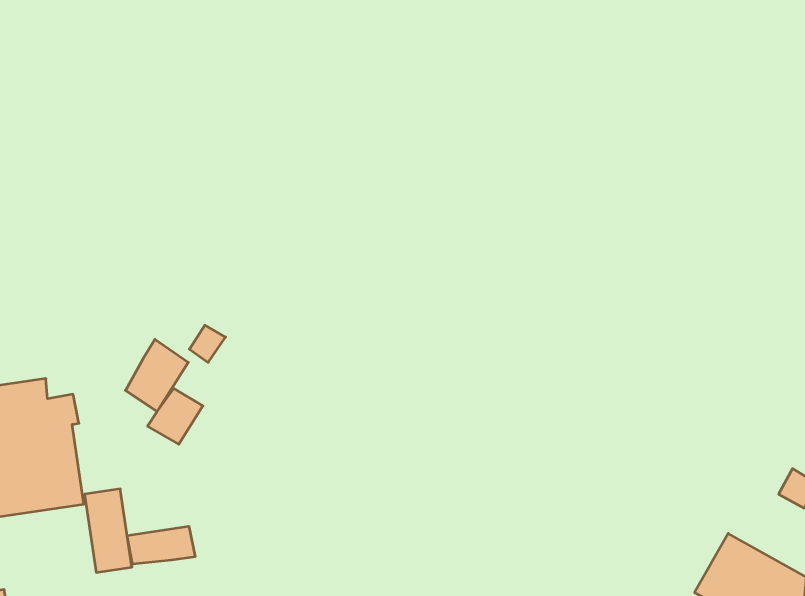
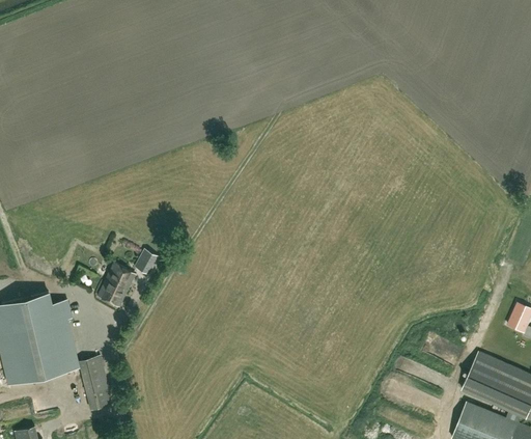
building: [148,388,203,444] -> none
building: [127,526,195,564] -> none

